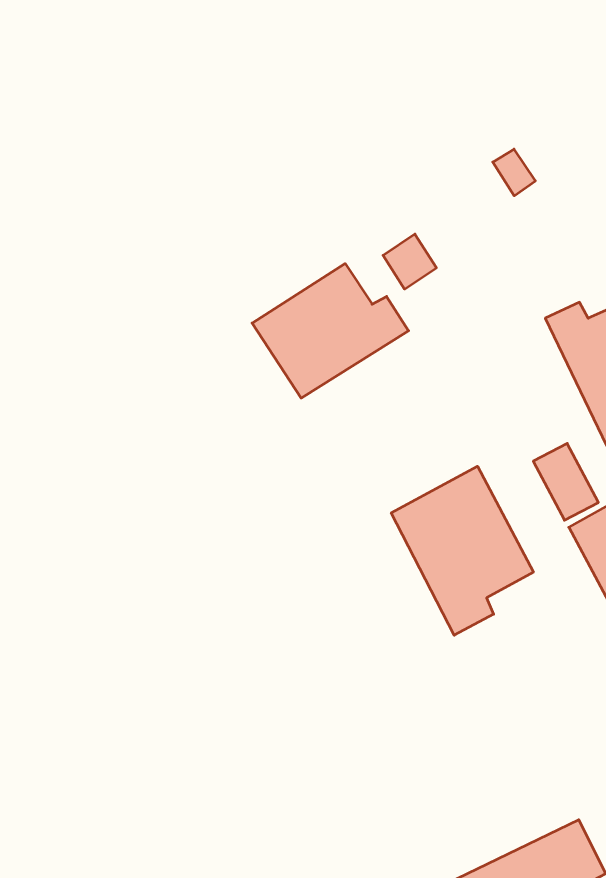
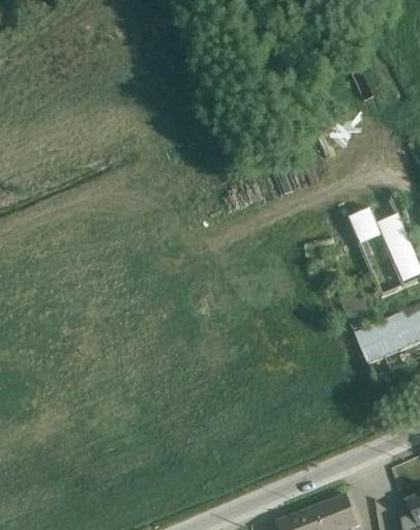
building: [252,264,409,398] -> none
building: [391,466,533,635] -> none

